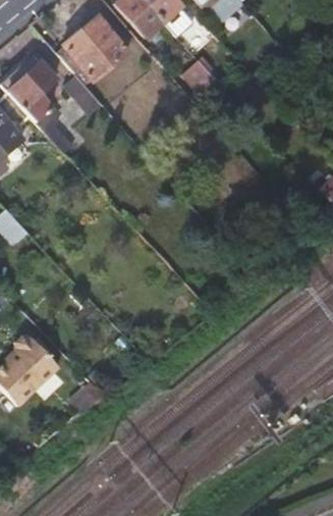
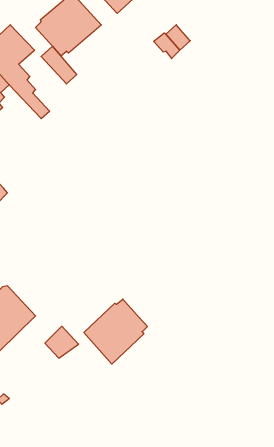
building: none -> [84,299,147,364]

